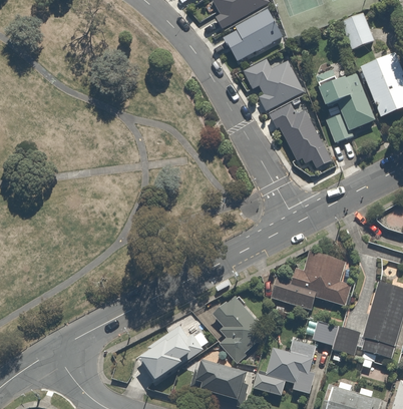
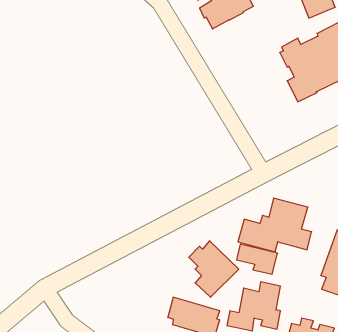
building: [246,60,306,112] -> none
building: [272,104,334,169] -> none
building: [311,321,356,354] -> [237,244,278,274]
building: [134,325,210,378] -> none

